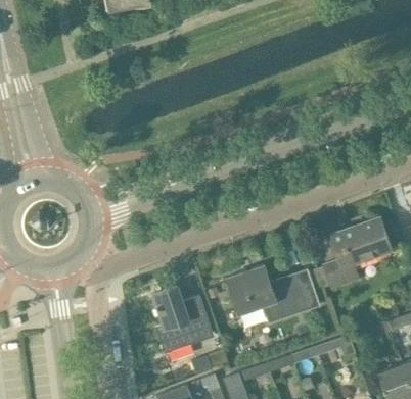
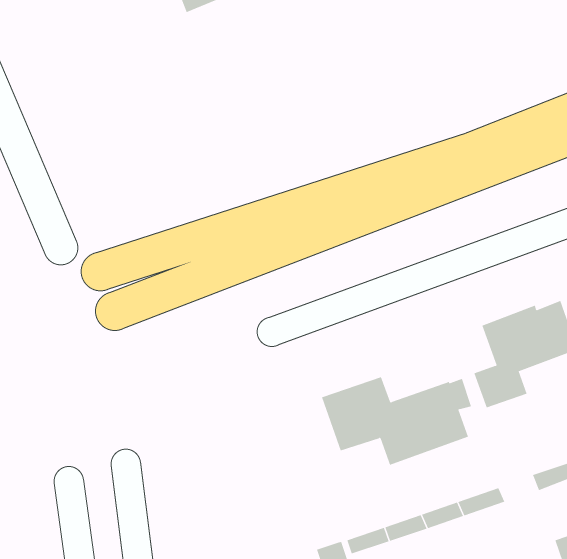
building: [152,287,214,353] -> none

